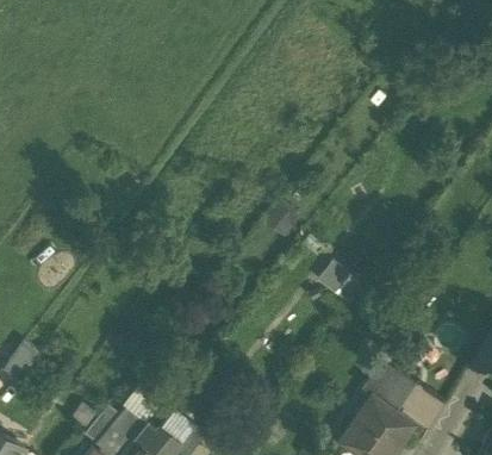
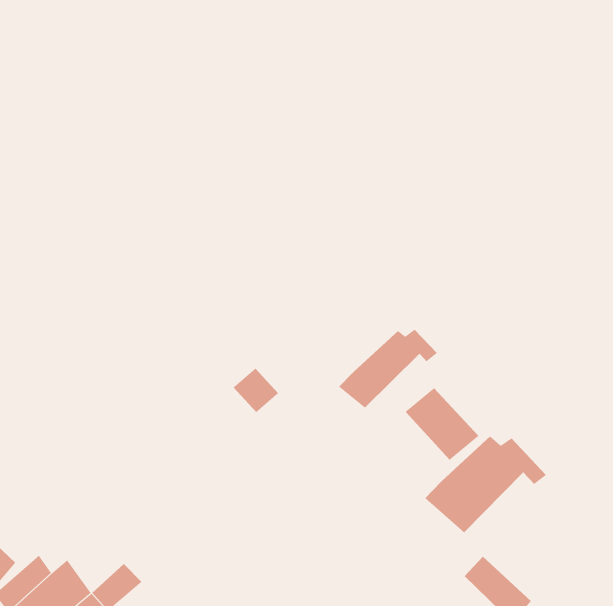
building: none -> [338,329,438,409]
building: none -> [424,436,547,533]

